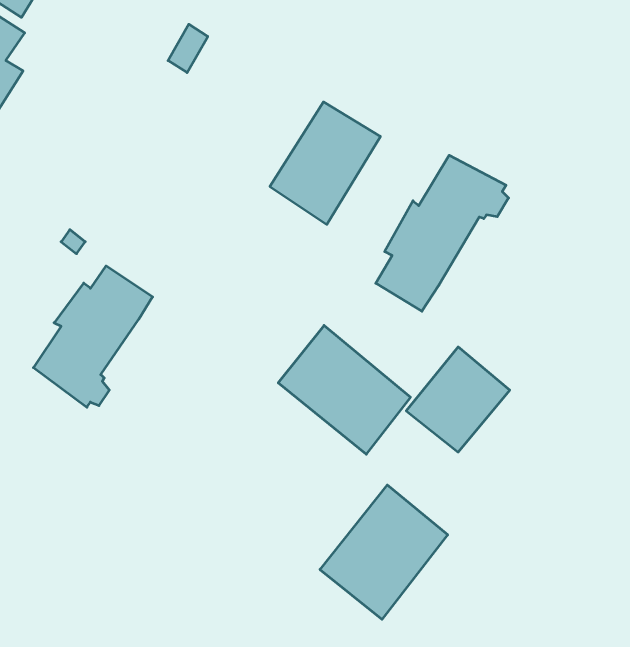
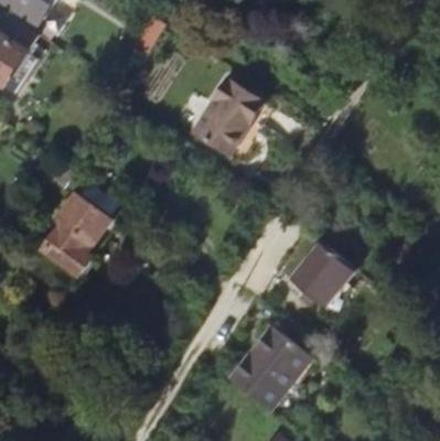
building: [376,155,509,311] -> none
building: [278,325,410,454] -> none

